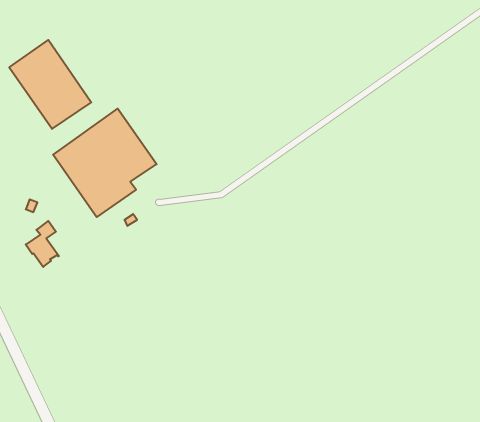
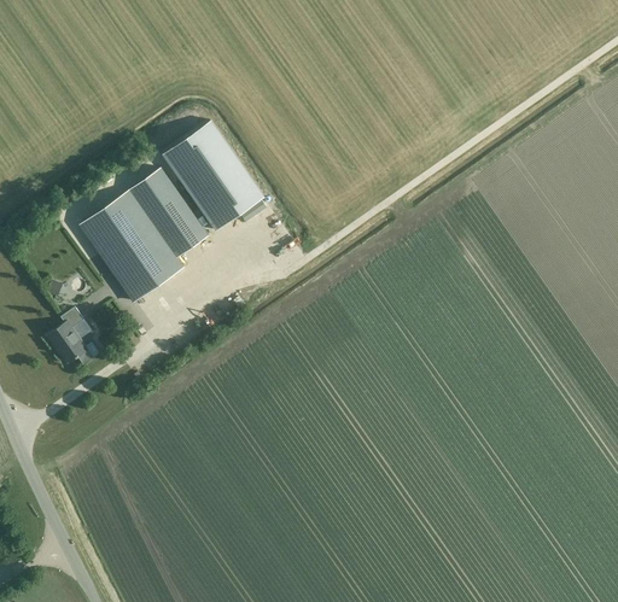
building: [9,40,91,129] -> [163,121,264,230]

